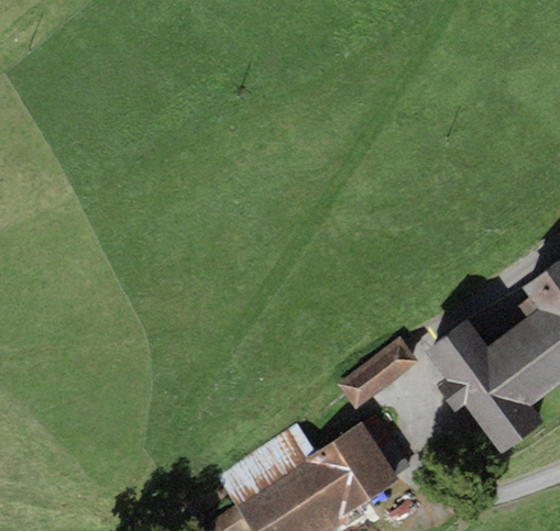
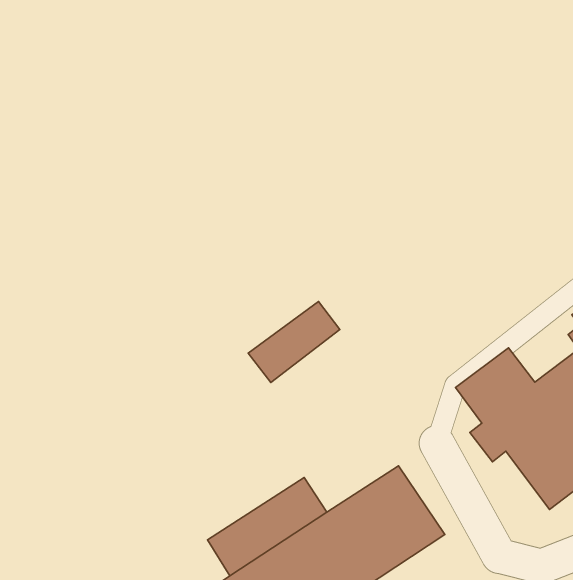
building: [338,342,414,409] -> [248,302,340,382]

